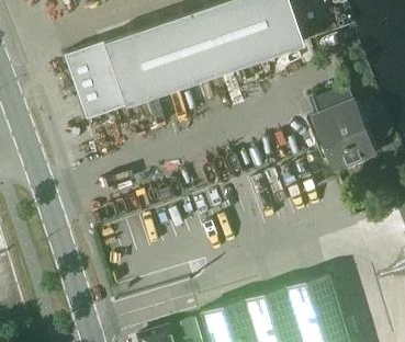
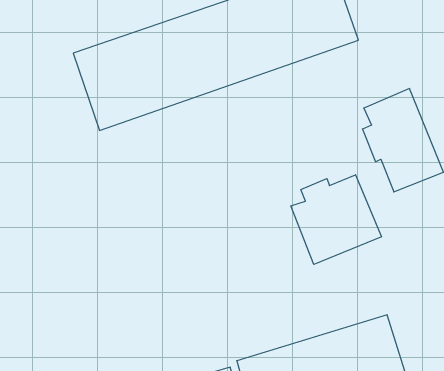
building: none -> [291,175,381,264]

